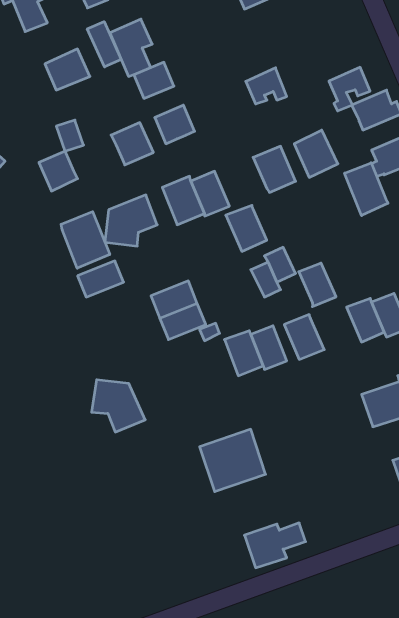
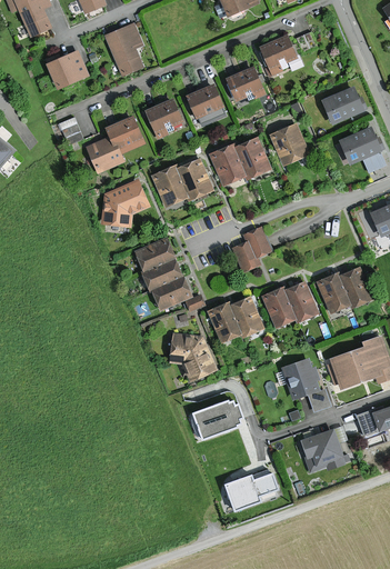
building: [87,22,121,67] -> none
building: [134,62,174,98] -> [187,84,222,117]
building: [329,67,370,111] -> [260,36,297,74]
building: [39,151,78,191] -> [88,136,122,171]
building: [345,163,388,216] -> none
building: [226,205,267,251] -> [209,143,246,184]
building: [61,212,110,268] -> none
building: [78,261,124,297] -> [134,238,176,270]
building: [299,263,336,307] -> [284,282,318,321]
building: [92,380,145,432] -> [169,332,217,379]
building: none -> [282,358,329,410]
building: none -> [293,428,349,476]

